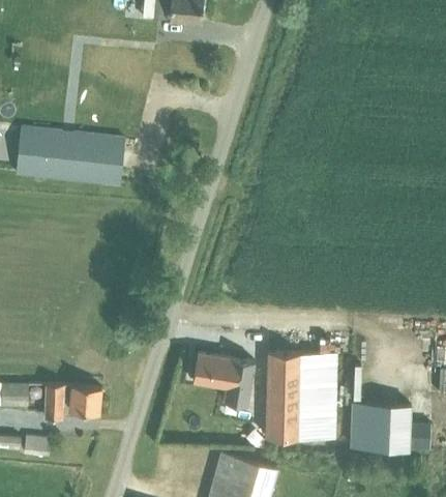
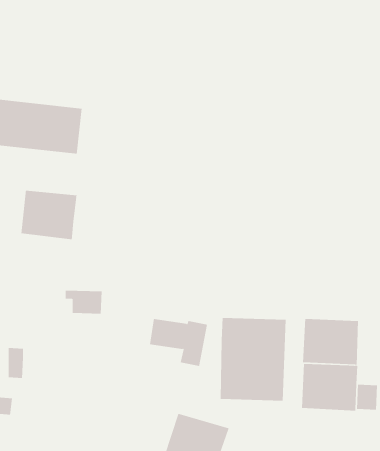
building: none -> [21,190,77,240]
building: none -> [302,318,358,365]
building: [62,386,101,411] -> [65,290,103,314]

